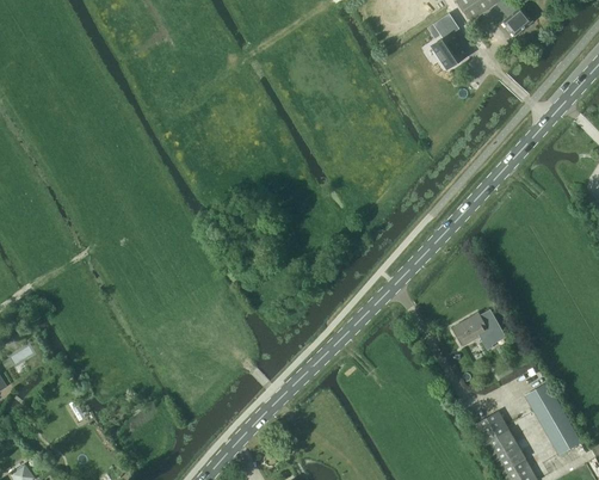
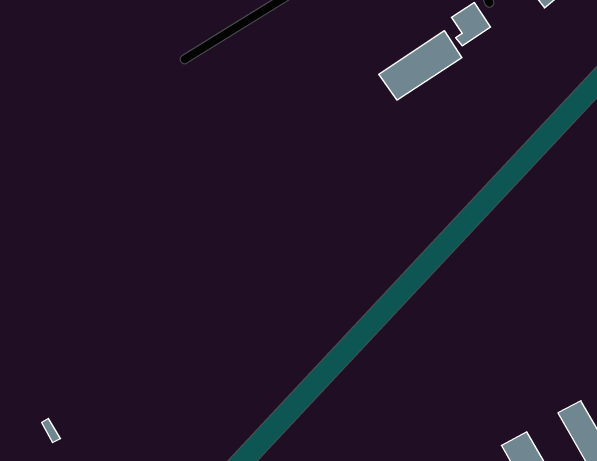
building: none -> [379,31,462,100]
building: [452,309,504,349] -> none

